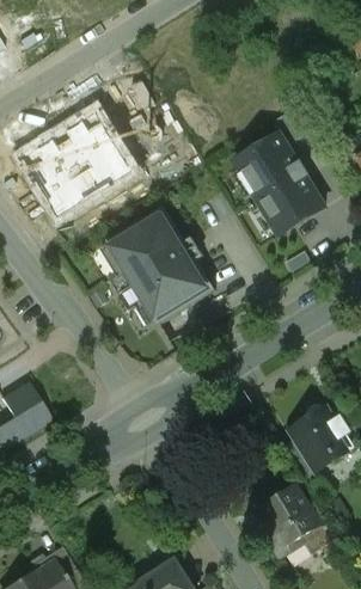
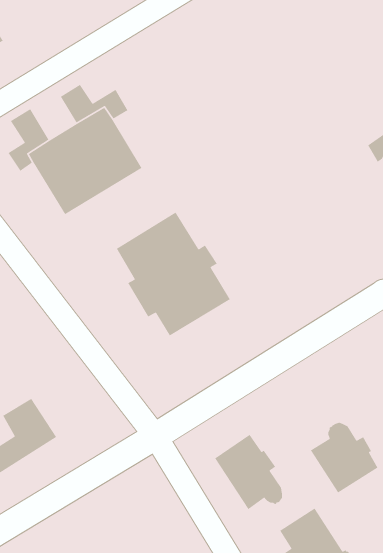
building: [235,134,326,235] -> none
building: none -> [214,434,283,510]

